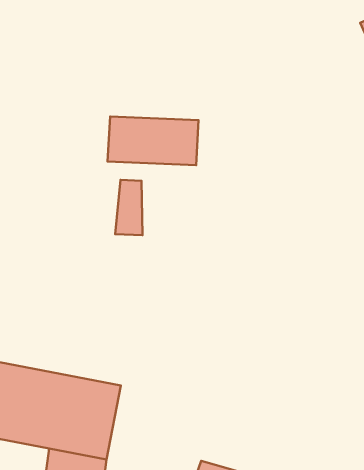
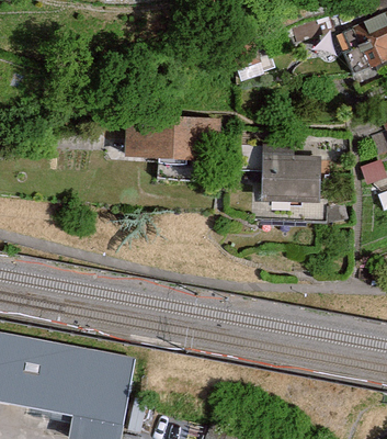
building: none -> [264,155,322,202]
building: [115,180,142,235] -> none

